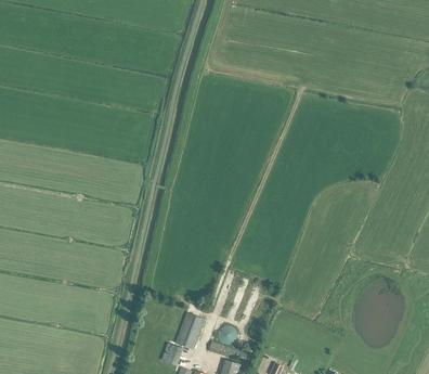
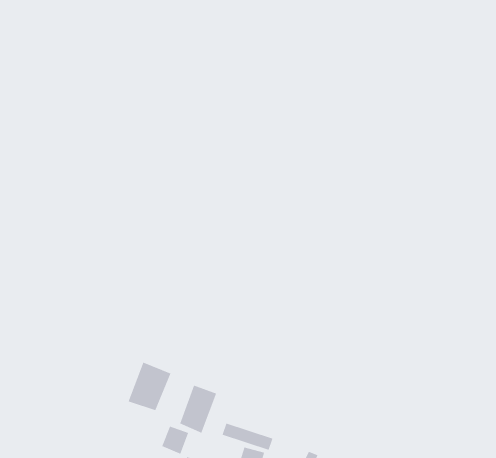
building: none -> [127,362,171,411]

